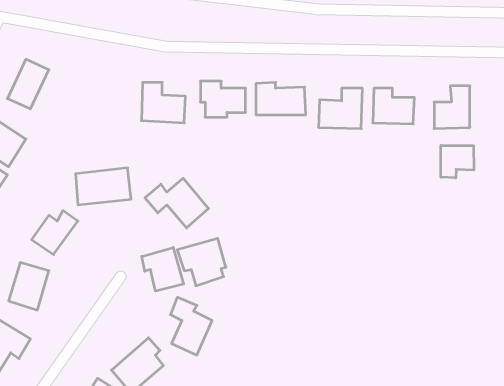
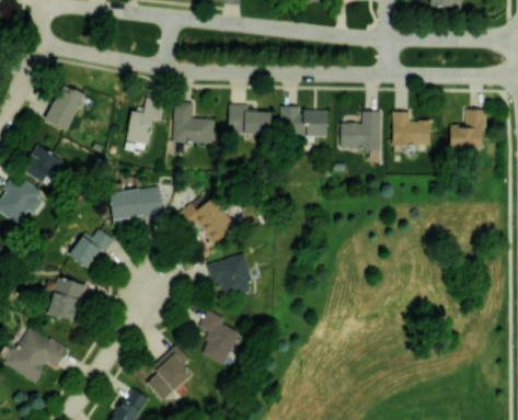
building: none -> [127,98,163,143]
building: [441,145,474,178] -> none
building: [142,247,184,291] -> none

